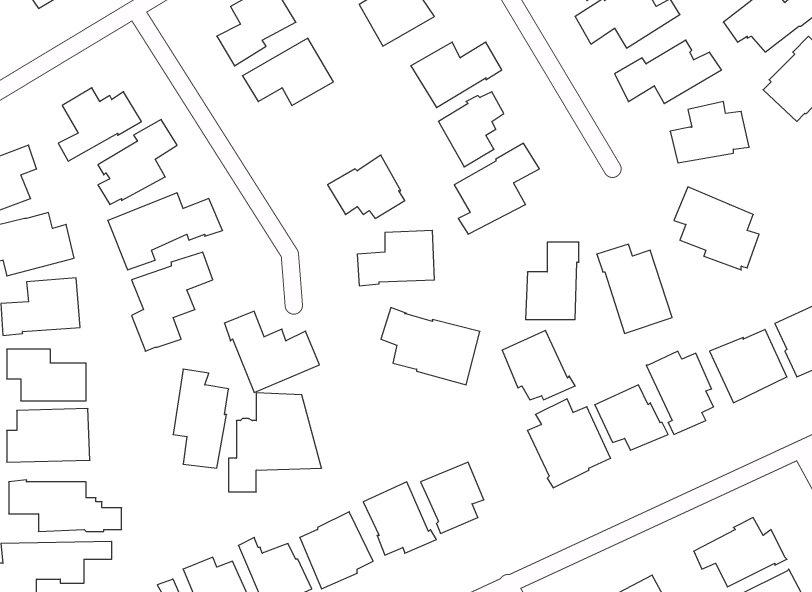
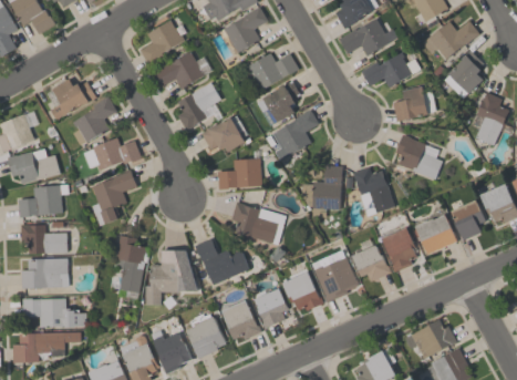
building: none -> [176,81,220,131]
building: [224,311,319,392] -> [195,239,248,285]
building: [502,330,575,400] -> [282,271,323,310]

